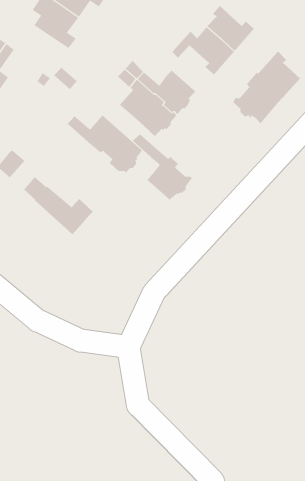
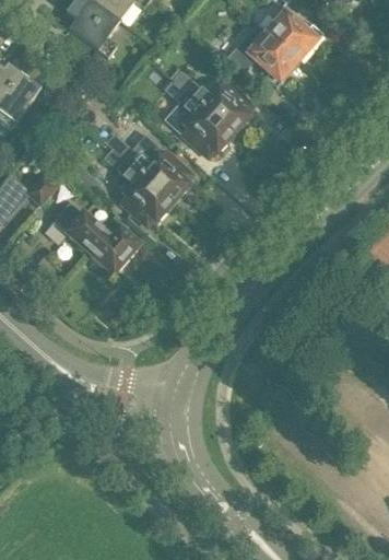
building: [232,51,301,124] -> none
building: [132,133,193,201] -> [103,149,173,226]

